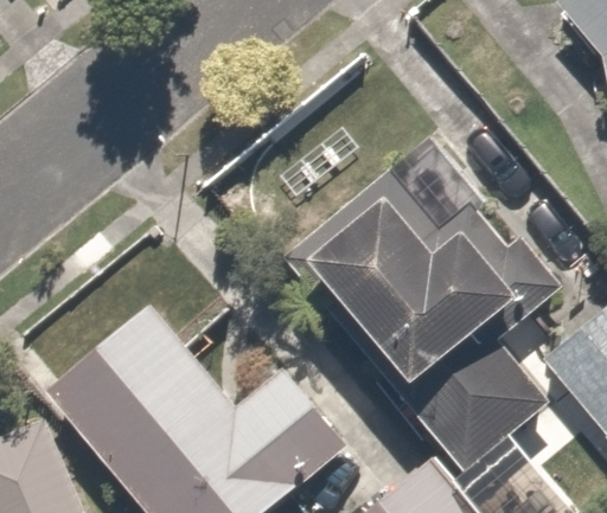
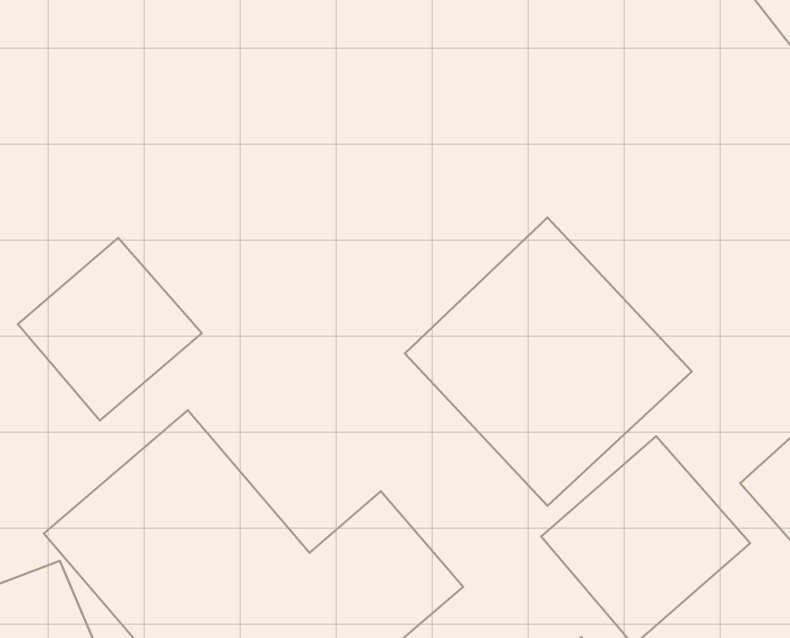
building: none -> [18,238,202,420]

